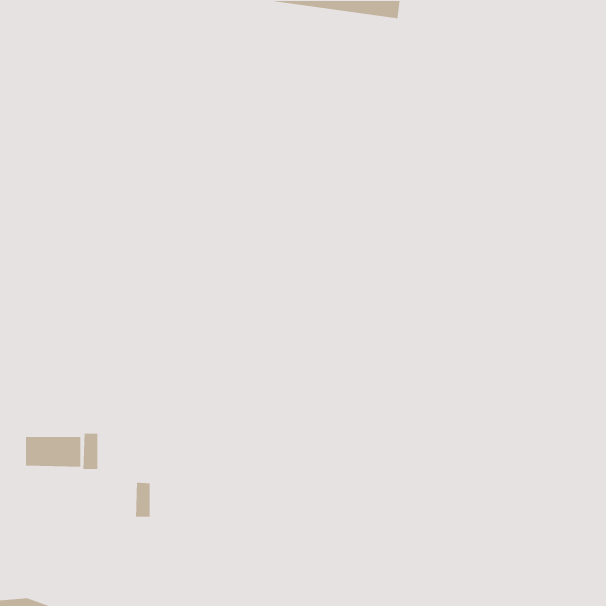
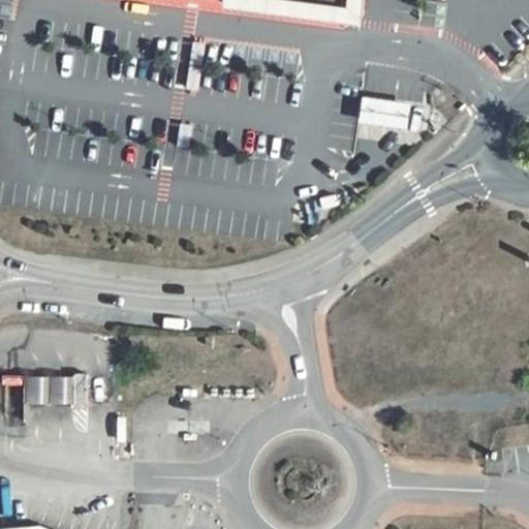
building: none -> [355,101,408,133]

